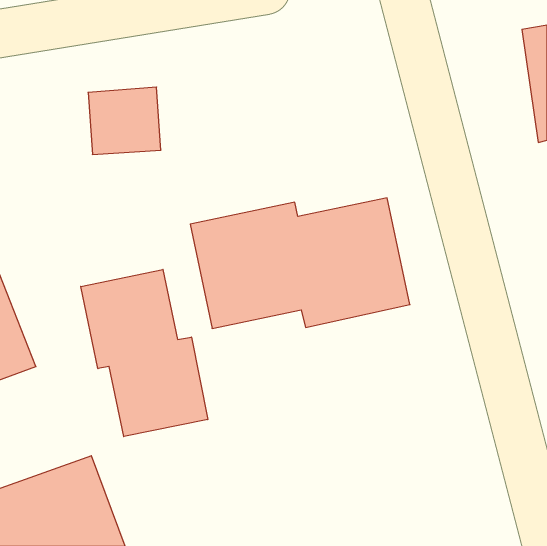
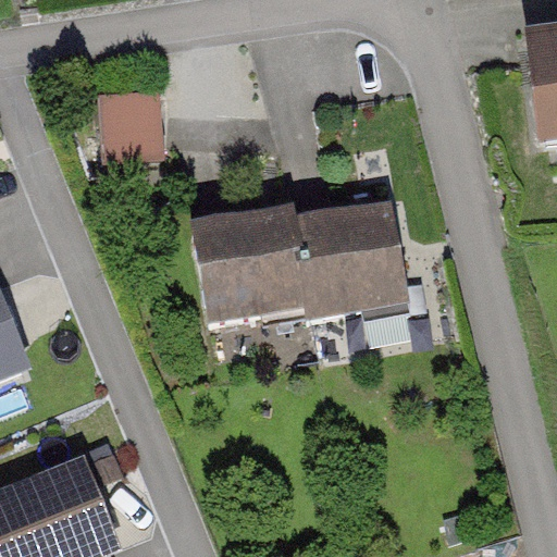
building: [81,269,208,437] -> none

